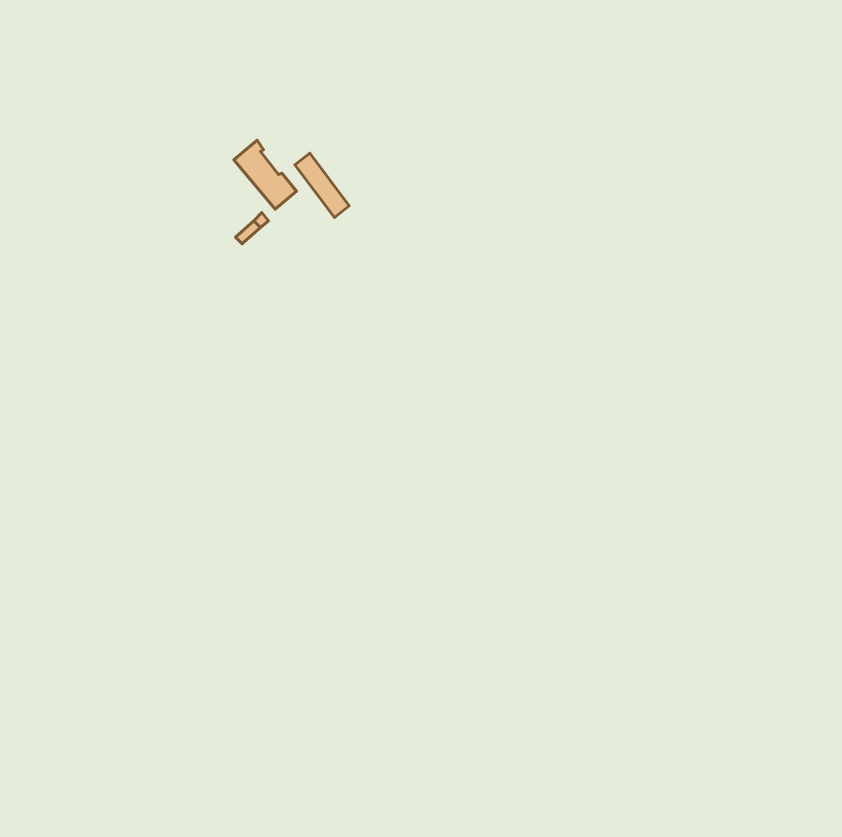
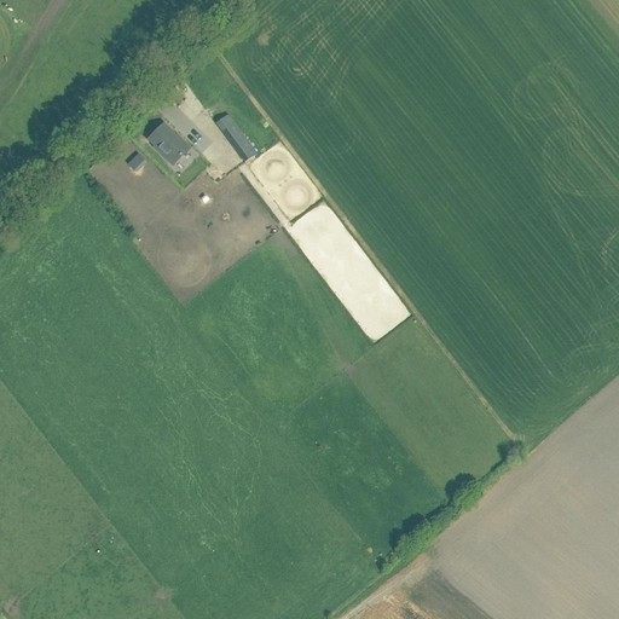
building: none -> [150,126,190,163]

